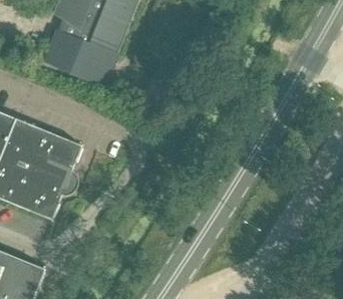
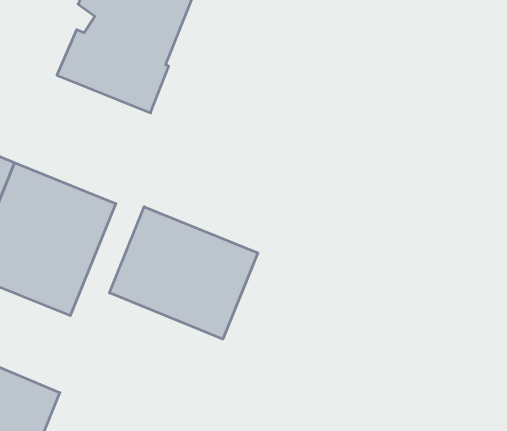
building: none -> [109,207,258,339]

